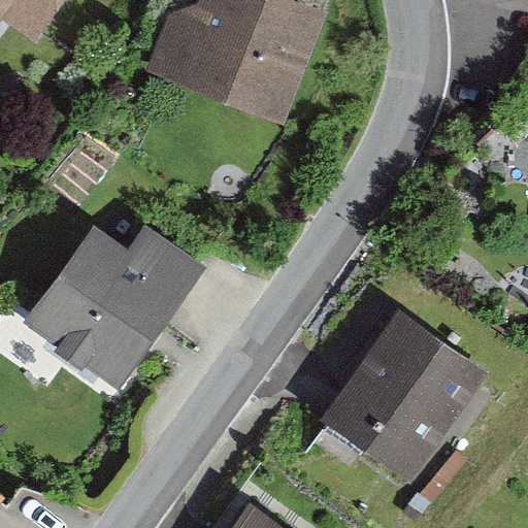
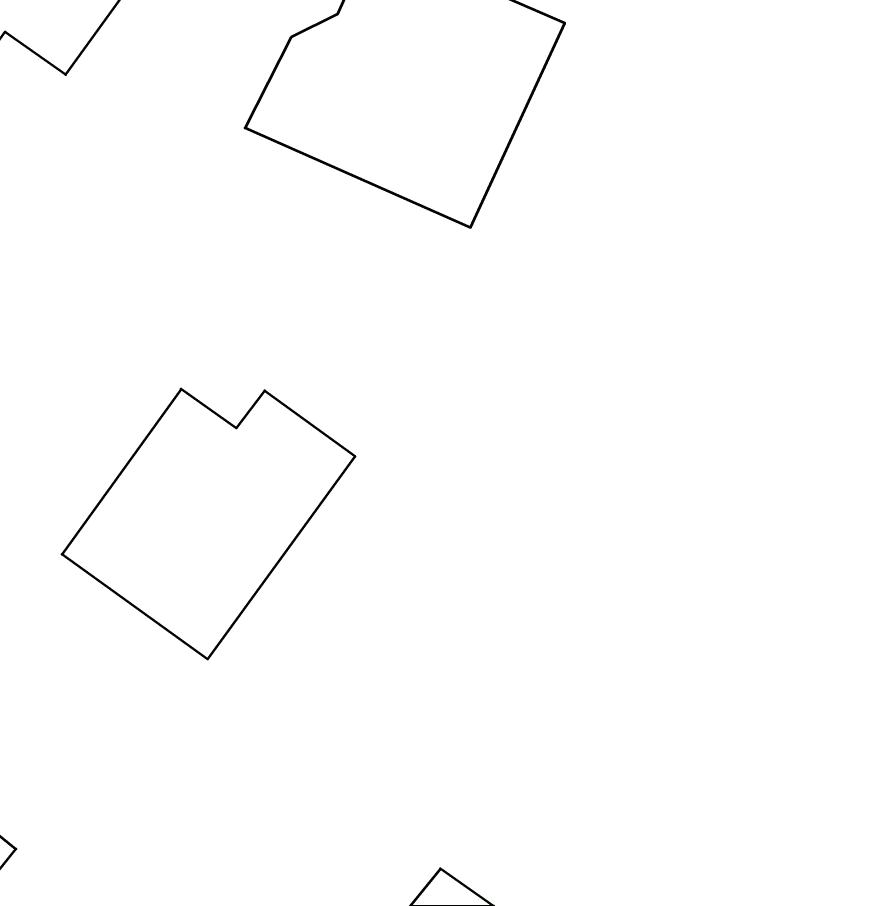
building: [309,306,491,492] -> none

